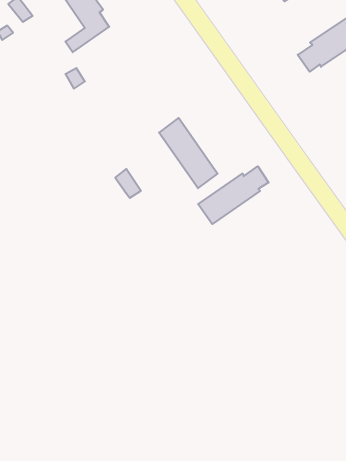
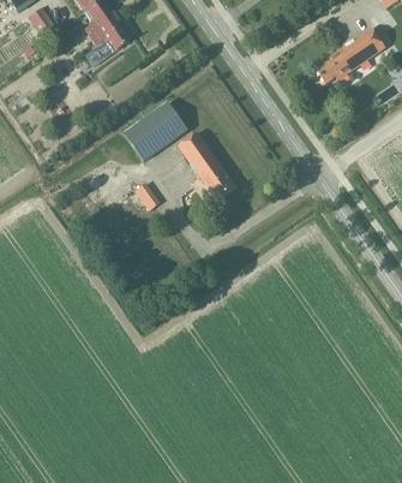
building: none -> [122,100,187,160]
building: [198,166,269,224] -> none

